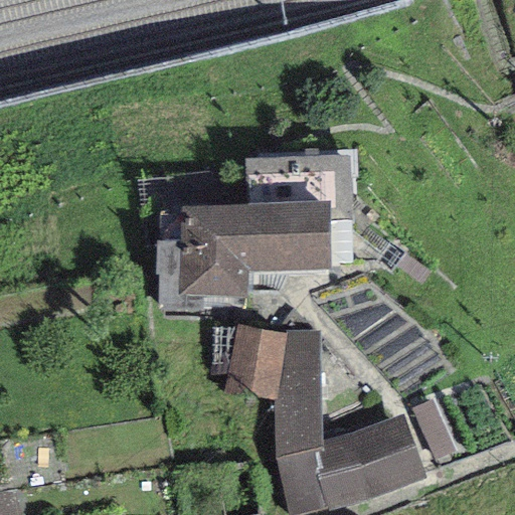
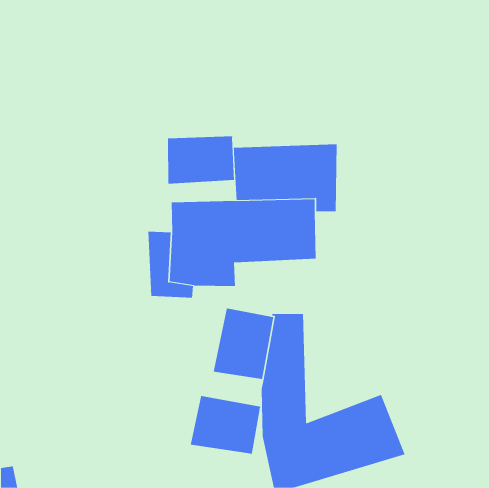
building: none -> [168,135,235,185]
building: none -> [190,395,261,455]

